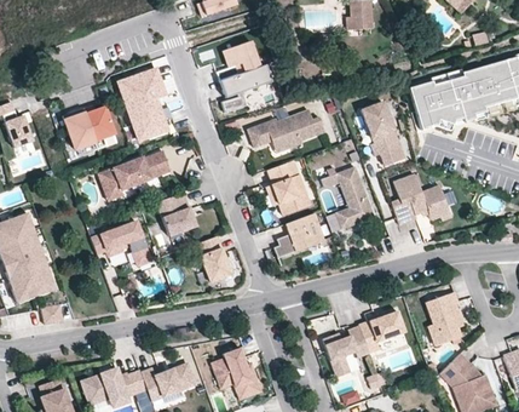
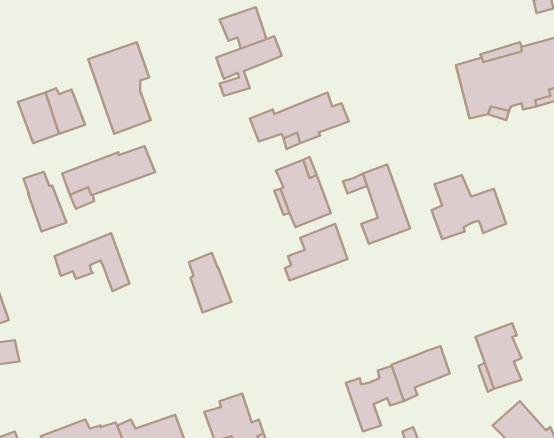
building: [362,102,405,166] -> none
building: none -> [24,172,66,232]
building: [157,193,196,236] -> none

